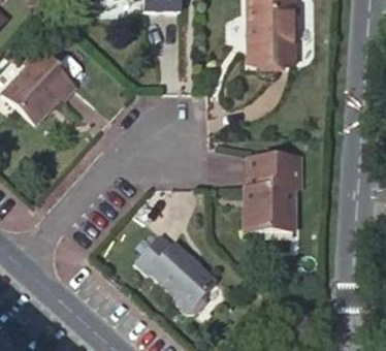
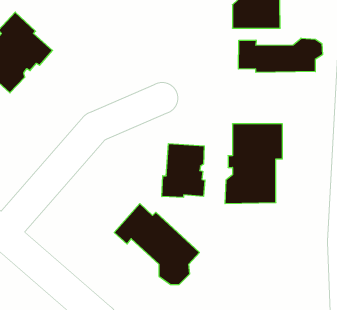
building: none -> [238,38,322,72]
building: none -> [162,144,205,197]

